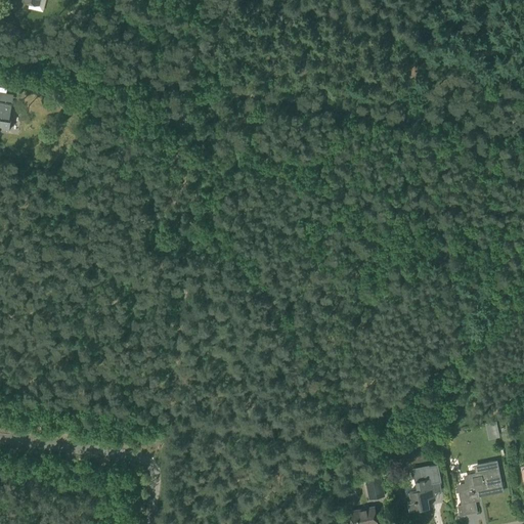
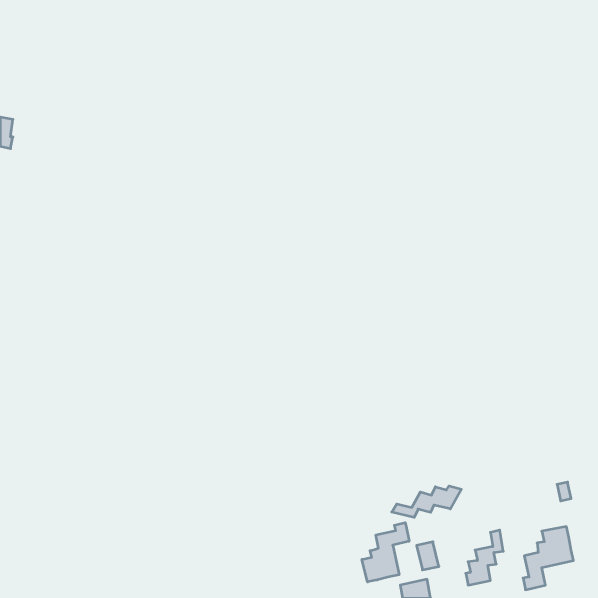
building: none -> [392,486,461,517]
building: none -> [362,523,409,582]

